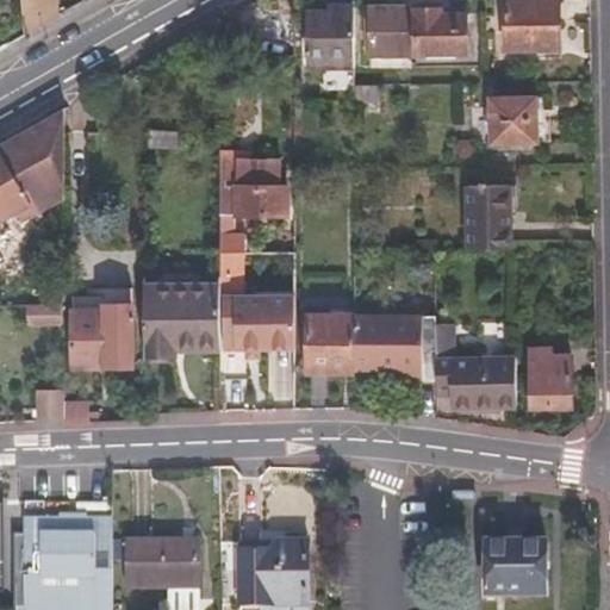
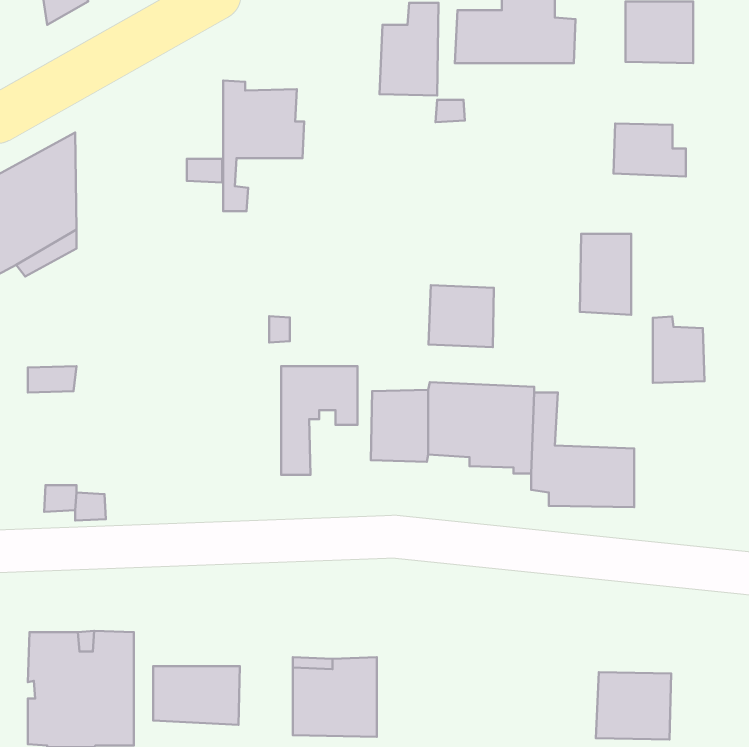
building: [218,144,284,250] -> [223,80,304,211]
building: none -> [429,285,494,347]
building: [69,287,131,368] -> none
building: [143,295,218,357] -> none
building: [527,356,568,410] -> [653,317,704,383]

